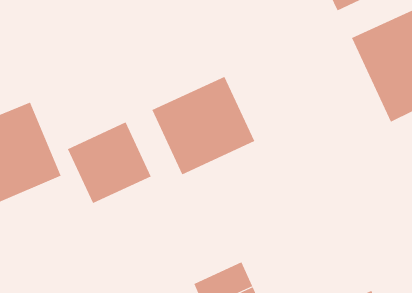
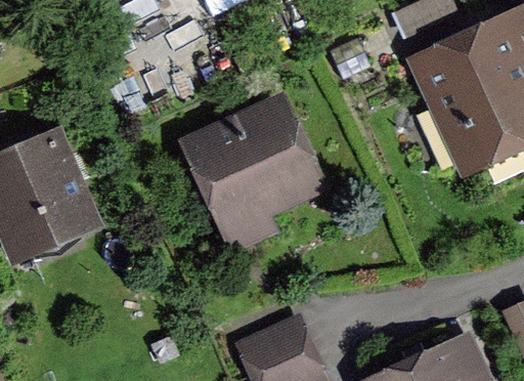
building: [67,122,151,204] -> none

